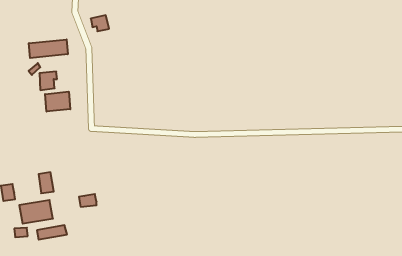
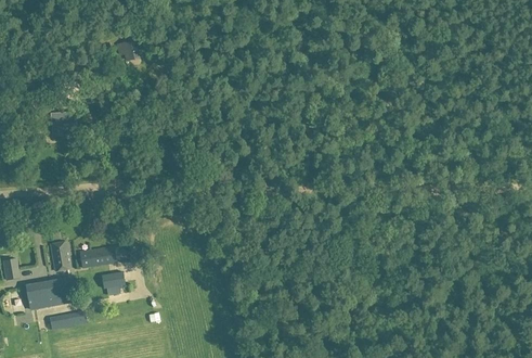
building: [29,39,68,58] -> none
building: [45,92,70,112] -> none
building: none -> [78,247,115,269]

